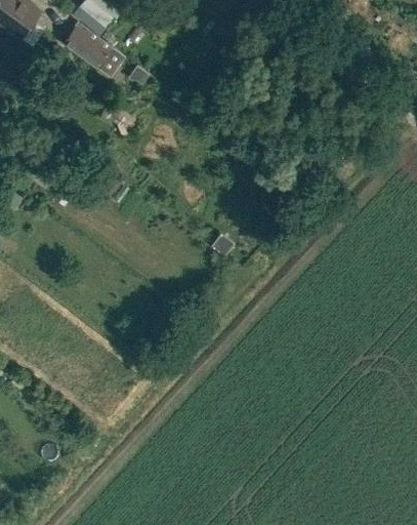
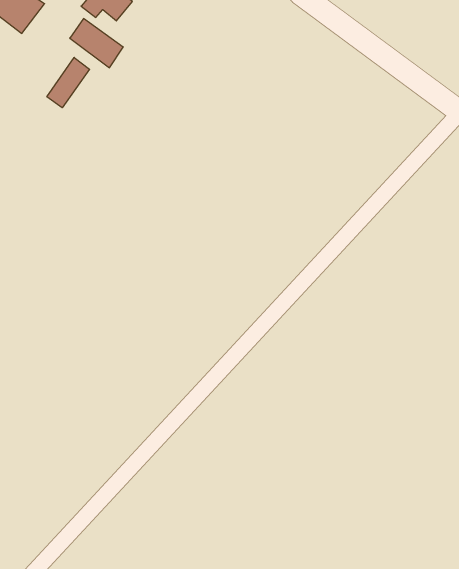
building: none -> [47,57,90,108]

